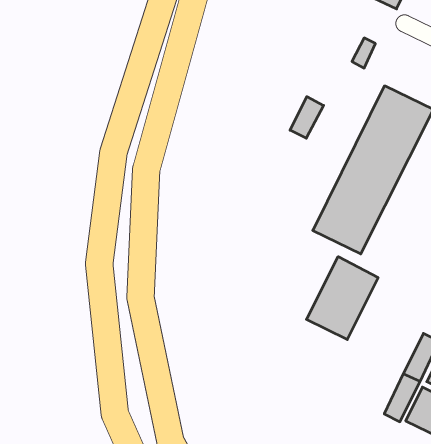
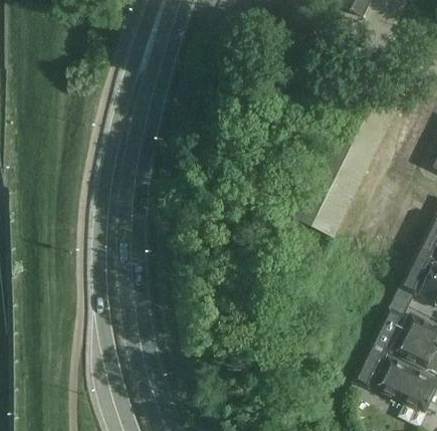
building: [290,97,324,138] -> none
building: [306,257,378,340] -> none

